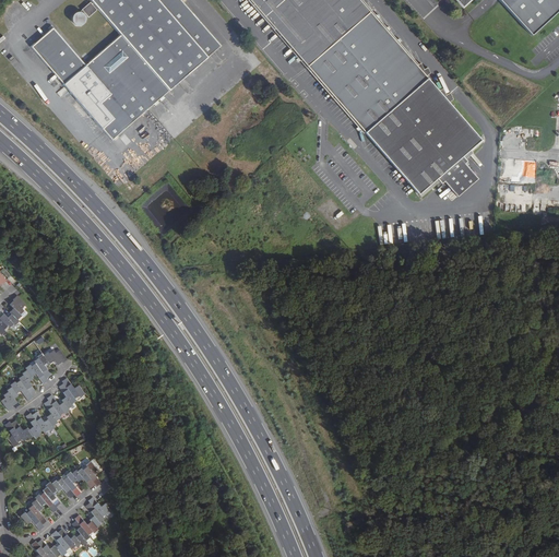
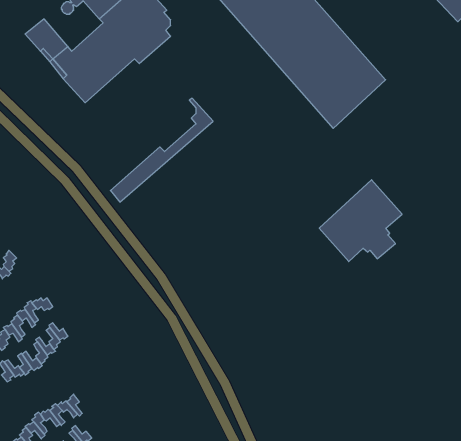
building: [102,19,219,138] -> [110,98,213,202]
building: [386,98,481,192] -> [319,180,402,262]

